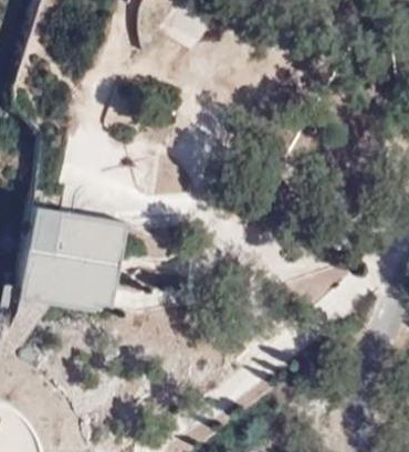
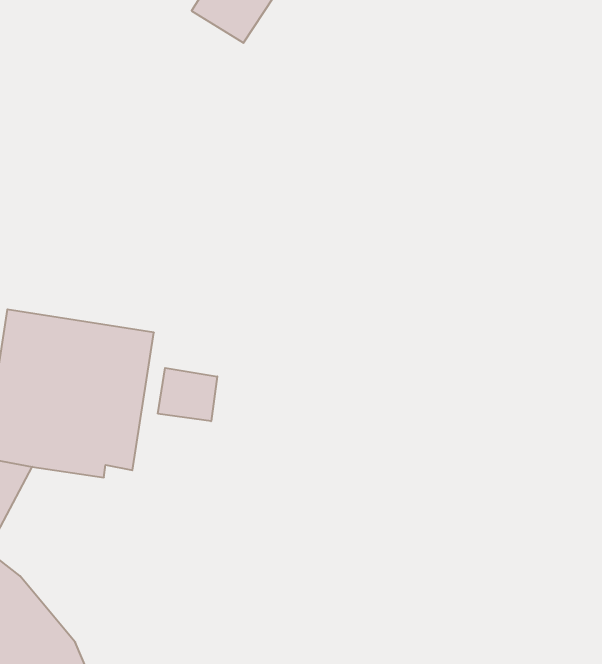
building: none -> [158,368,217,421]

